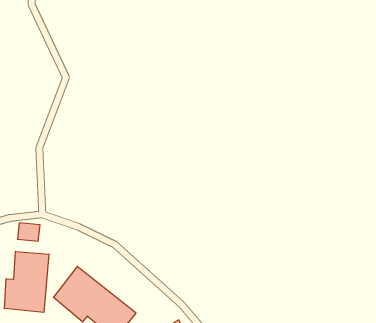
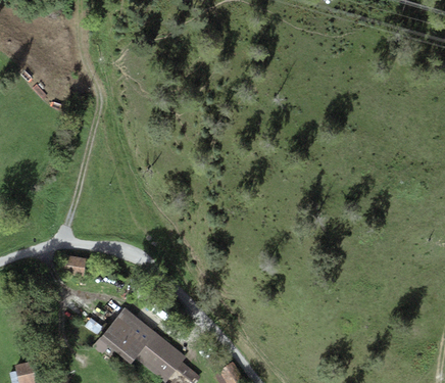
building: [5,251,49,312] -> none

